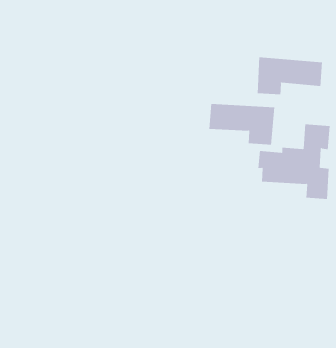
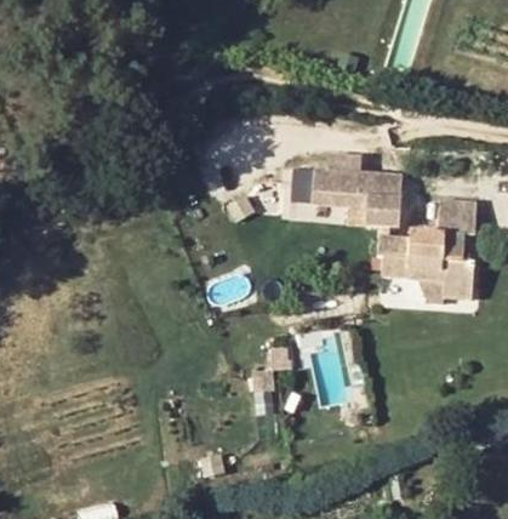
building: [257,57,322,95] -> none

